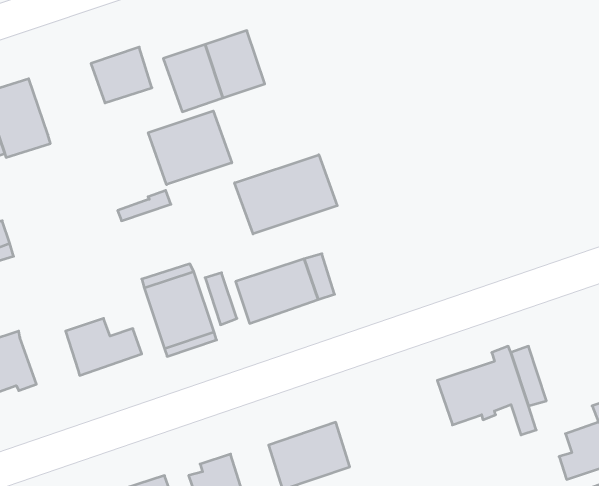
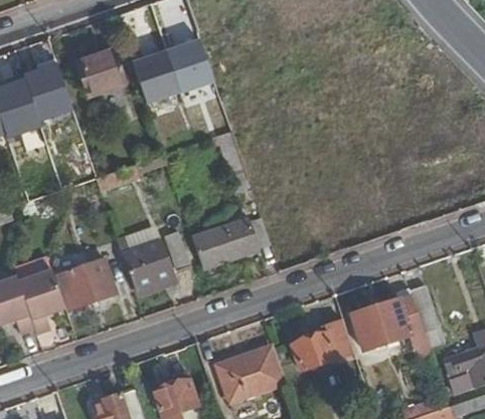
building: none -> [25,61,73,120]
building: [148,111,232,185] -> none
building: [235,155,337,234] -> none
building: none -> [19,268,65,323]
building: none -> [290,320,352,371]

